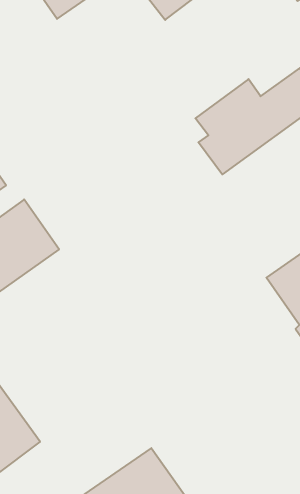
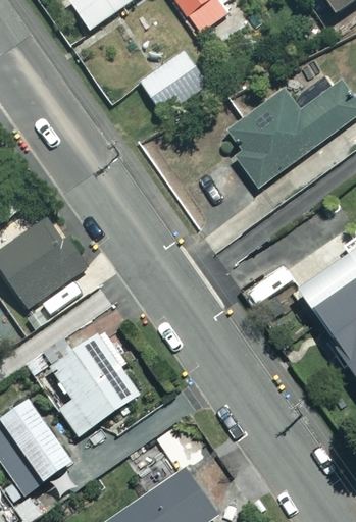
building: none -> [140,50,209,115]
building: none -> [50,329,140,435]

